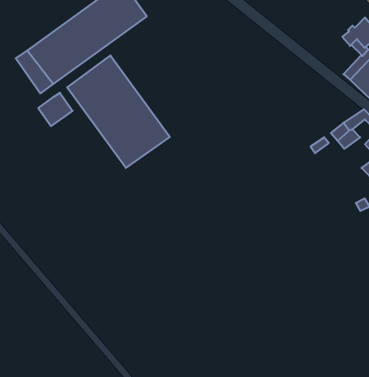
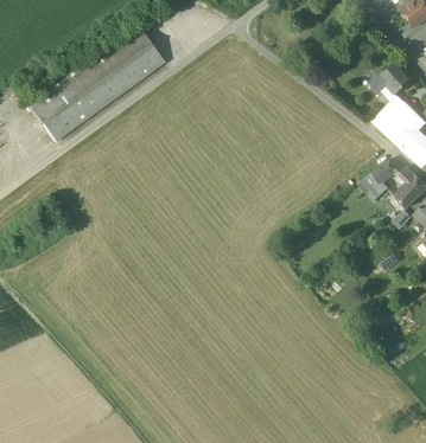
building: [67,55,170,168] -> none
building: [38,93,73,126] -> none

